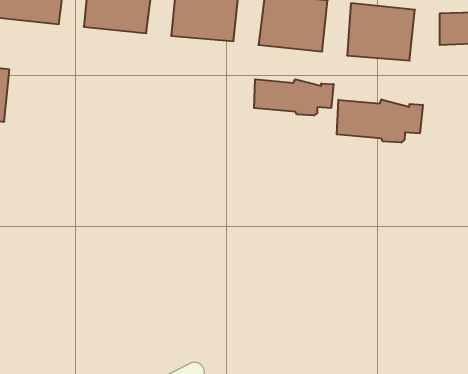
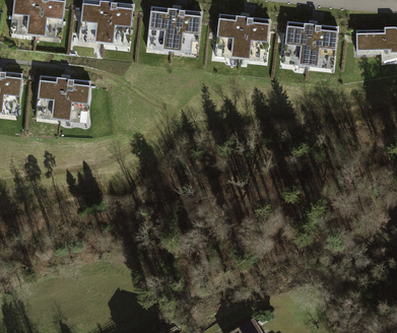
building: none -> [32,78,86,124]
building: [254,79,334,116] -> none
building: [337,99,423,143] -> none

